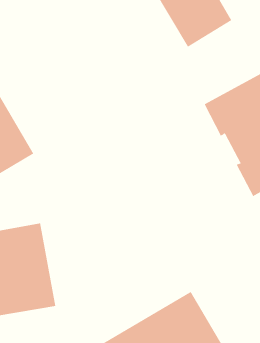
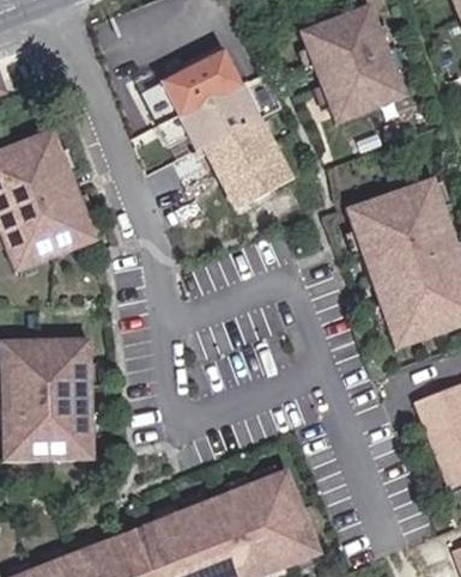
building: none -> [141,50,290,208]

